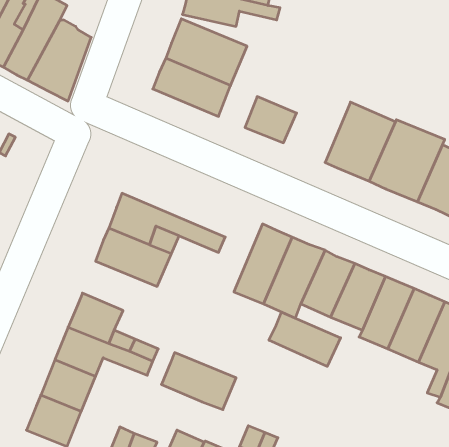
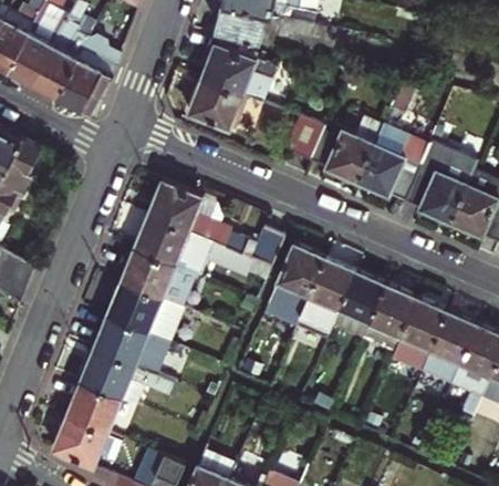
building: none -> [313,113,381,183]
building: none -> [150,184,284,265]
building: [269,312,341,366] -> none
building: [161,353,236,410] -> [111,282,186,340]

